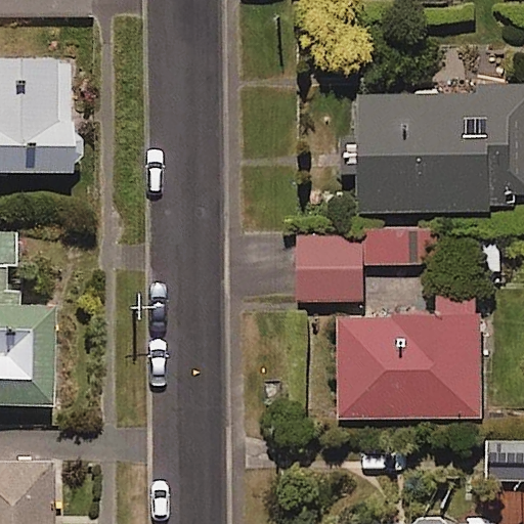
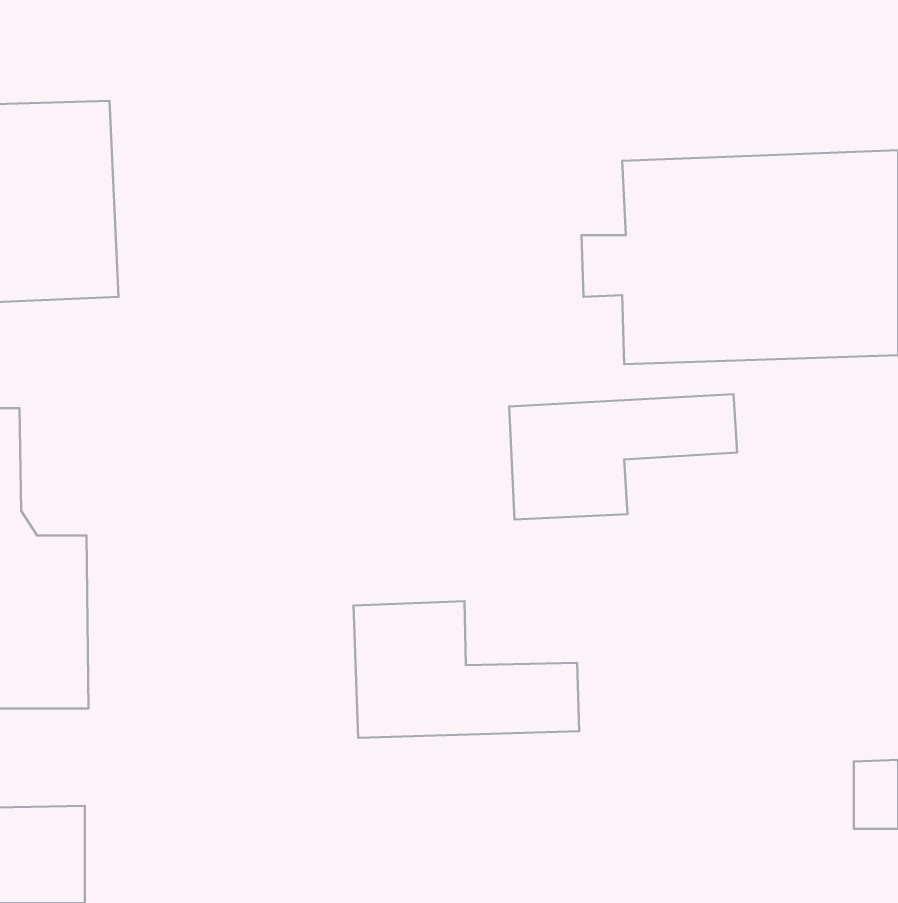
building: [338,313,483,420] -> none
building: none -> [353,601,579,738]

